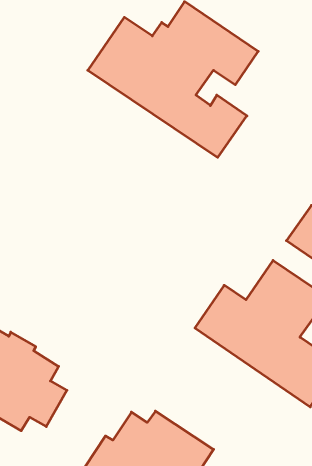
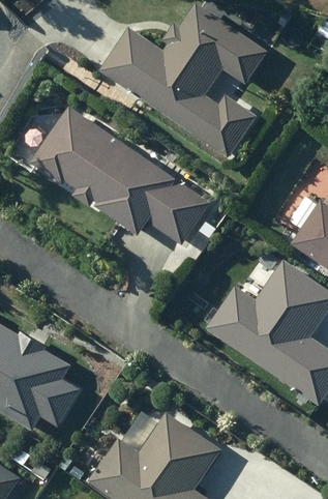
building: none -> [29,107,209,244]

